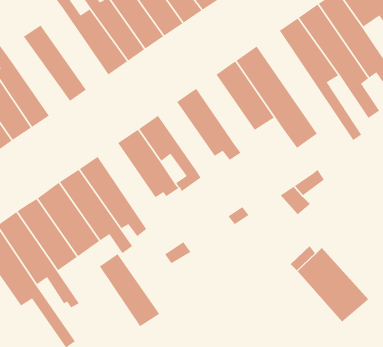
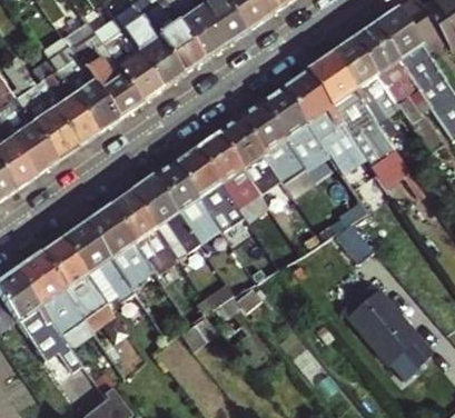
building: none -> [67,29,141,118]
building: none -> [306,52,412,181]
building: none -> [33,59,99,147]
building: none -> [239,101,314,187]
building: none -> [197,131,259,207]
building: [99,253,160,327] -> [130,177,198,259]

